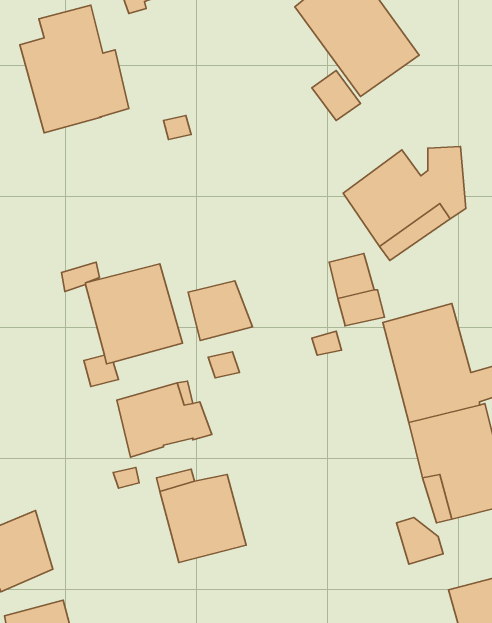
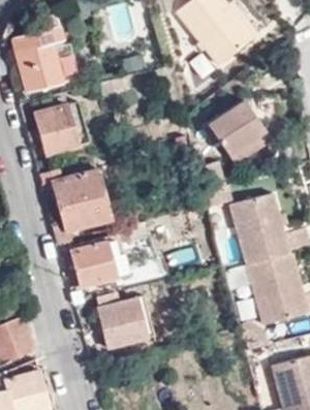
building: none -> [35,102,81,152]
building: [188,281,253,340] -> none

